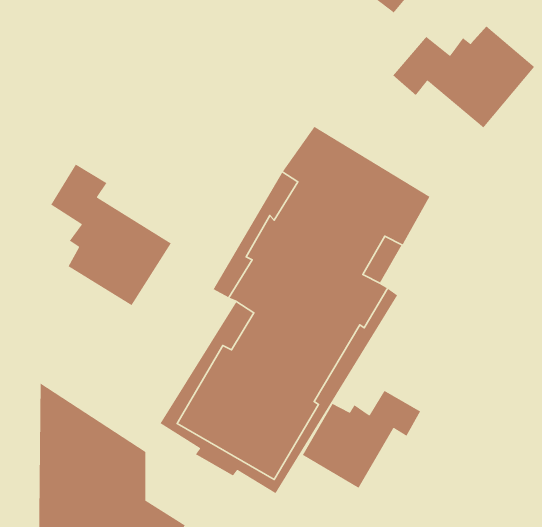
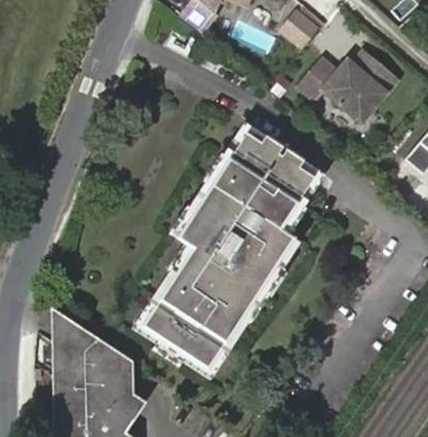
building: [50,164,172,306] -> none
building: [302,390,421,489] -> none

